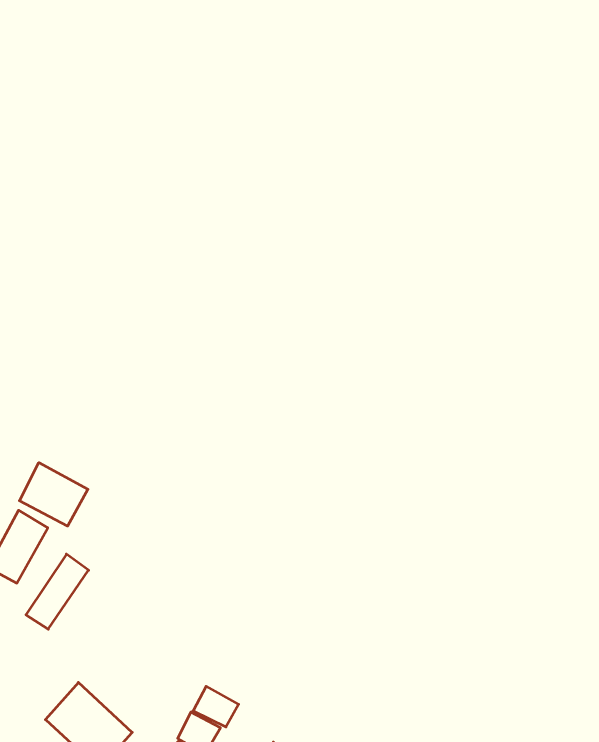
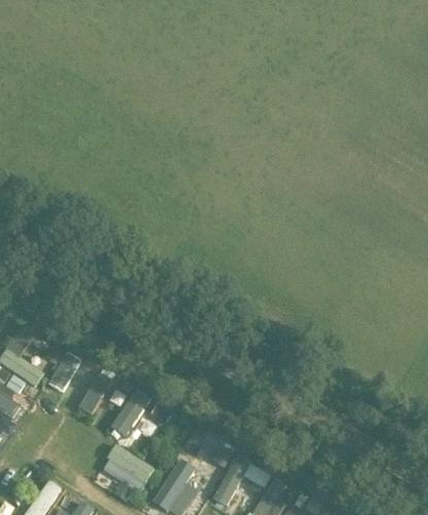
building: [19,463,88,526] -> none
building: none -> [109,395,149,439]

